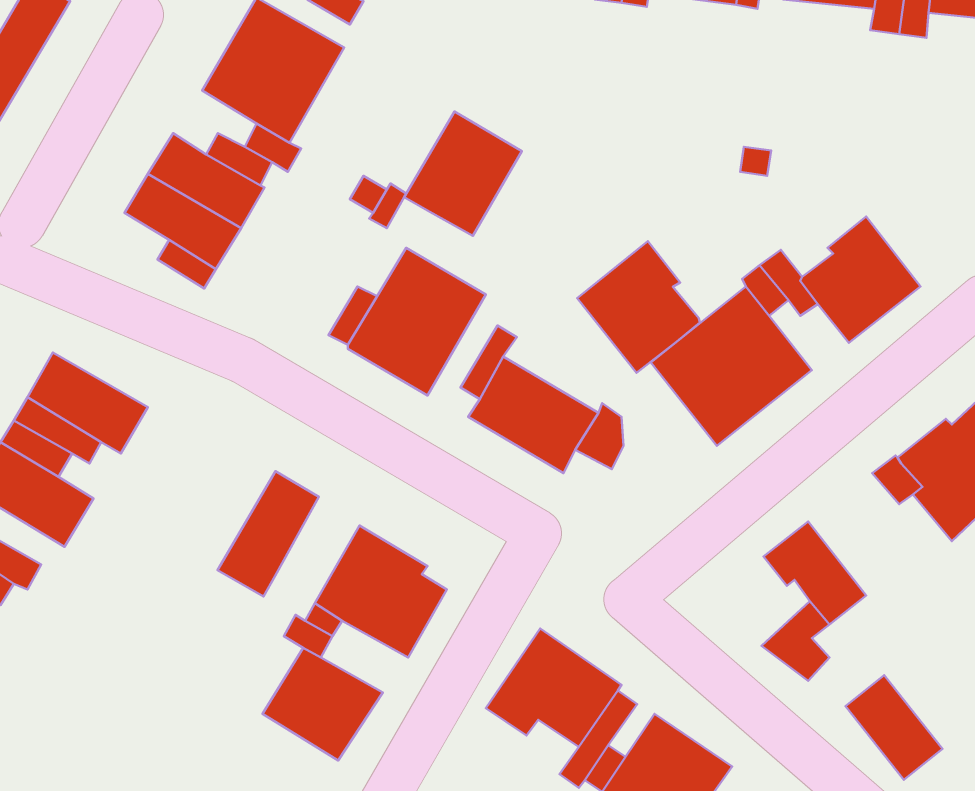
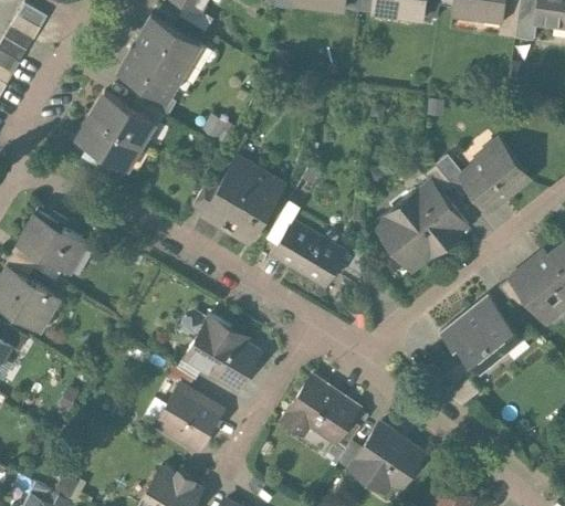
building: [404,112,522,236] -> none
building: [577,241,700,373] -> none
building: [218,471,319,597] -> none
building: [845,675,943,780] -> [465,295,521,355]

